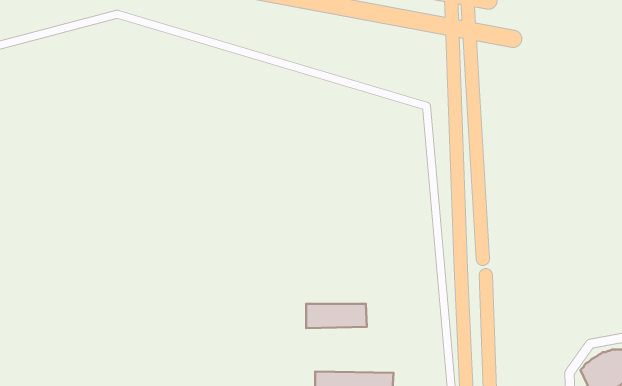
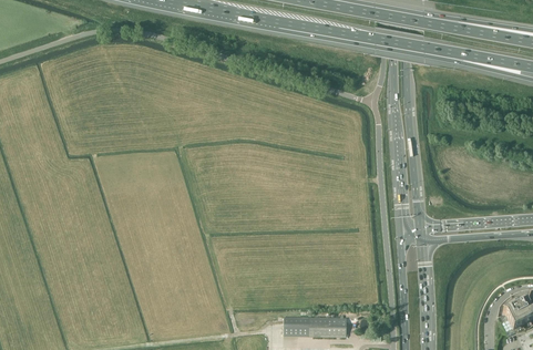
building: [306,304,367,328] -> none

